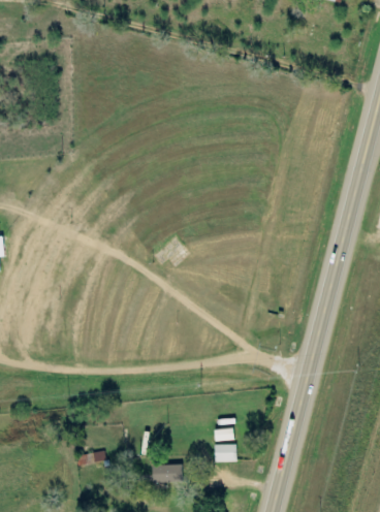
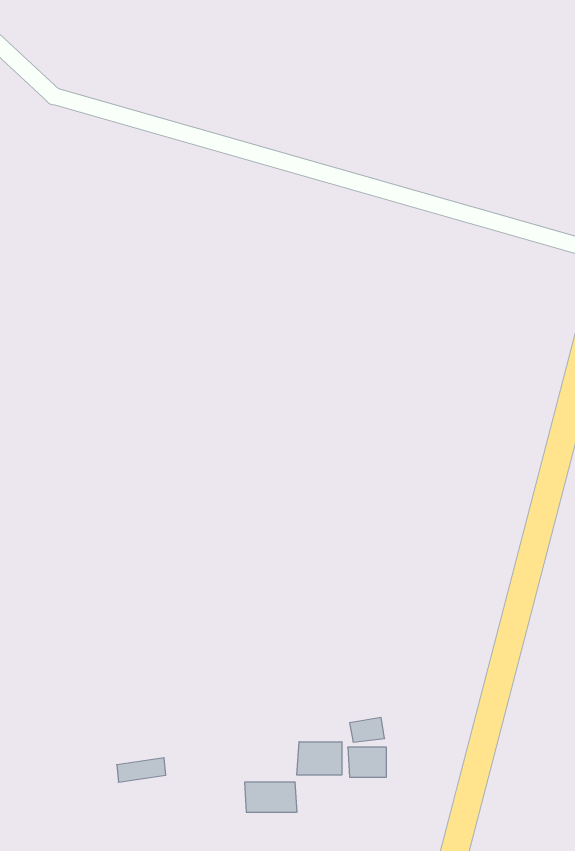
building: none -> [297,742,342,775]

